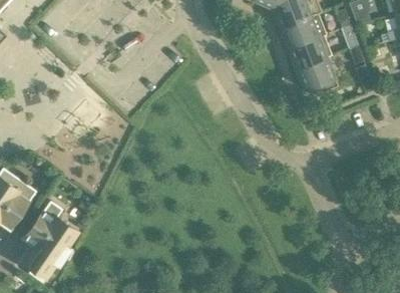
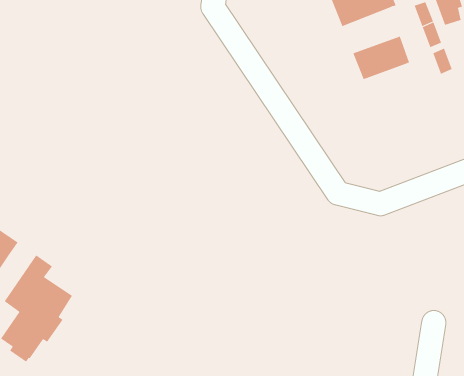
building: [281,13,327,48] -> none
building: [297,57,338,92] -> none

